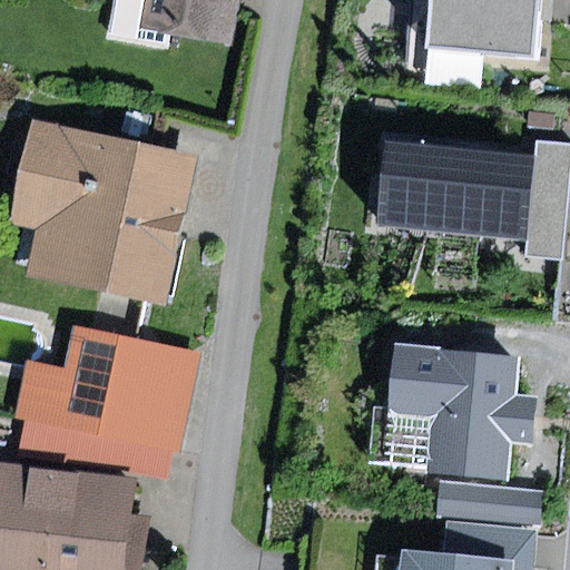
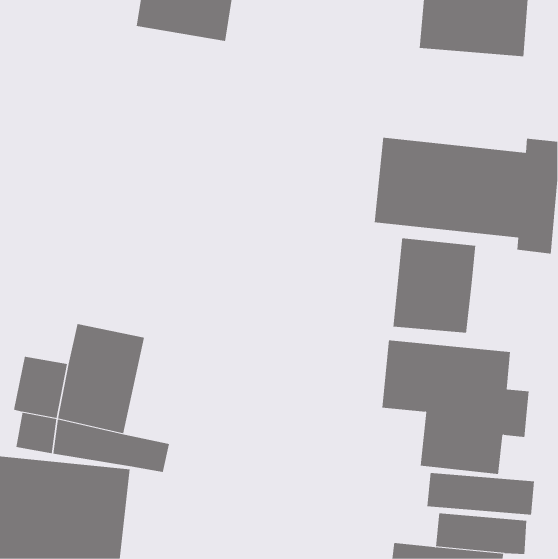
building: [11,120,199,303] -> none
building: none -> [393,237,476,334]
building: [126,343,199,452] -> none

